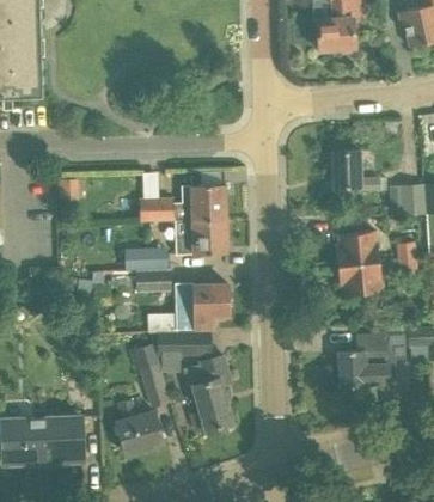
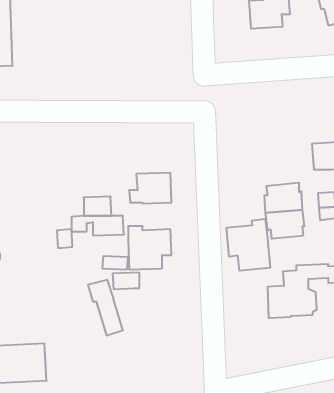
building: [332,149,381,191] -> none
building: [140,172,226,221] -> none
building: none -> [227,219,270,271]
building: [184,354,233,433] -> none
building: [115,398,163,454] -> none

